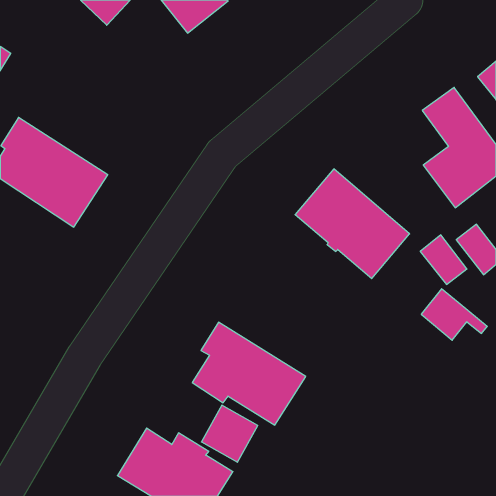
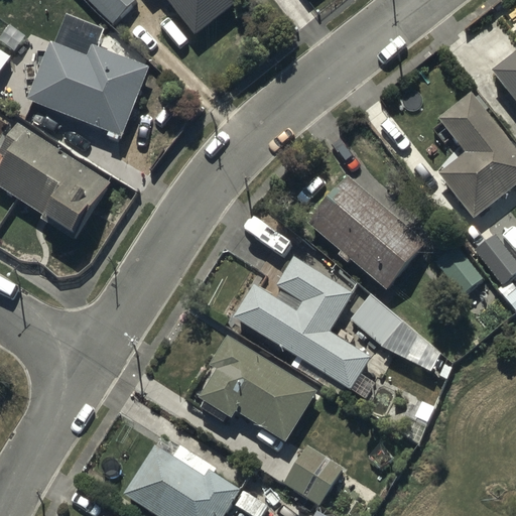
building: none -> [26,40,147,135]
building: none -> [233,257,372,396]
building: [421,289,487,340] -> [349,294,417,348]
building: [201,405,258,462] -> [283,444,342,504]

